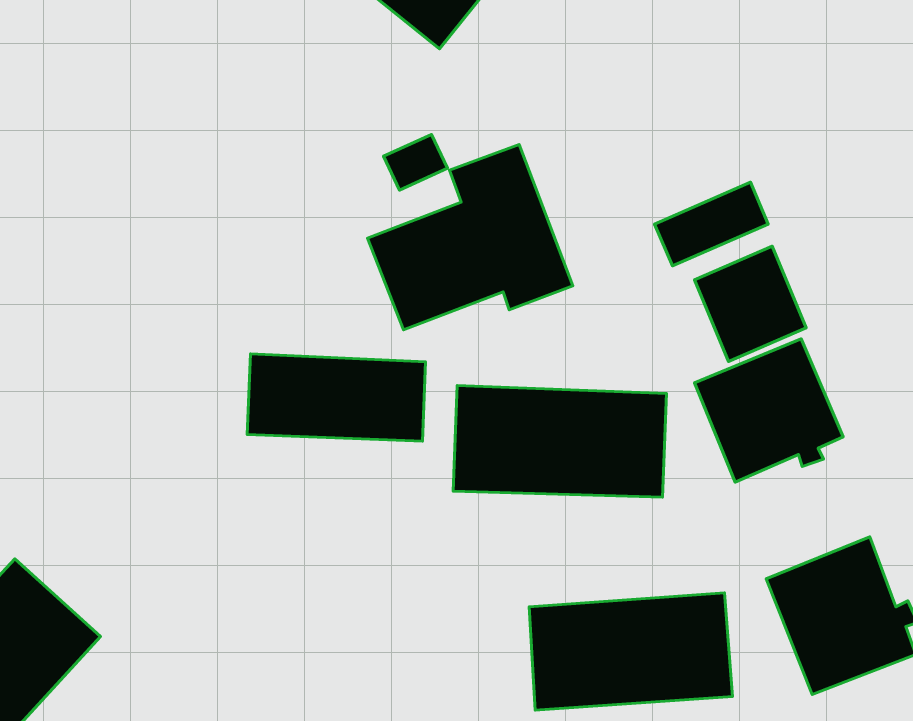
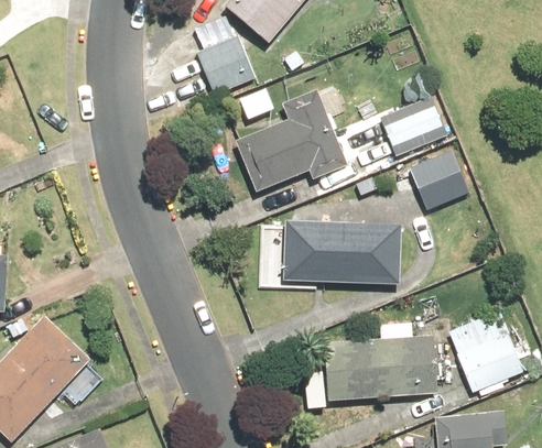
building: none -> [200,14,262,96]
building: [695,339,843,482] -> none
building: [247,354,425,441] -> none

